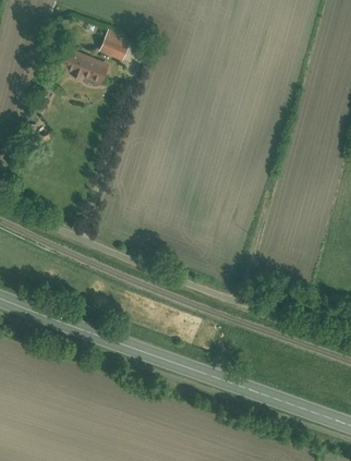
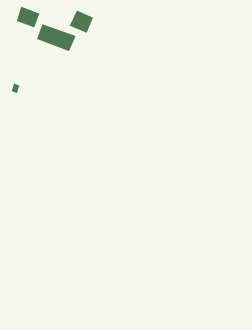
building: none -> [16,6,40,28]

